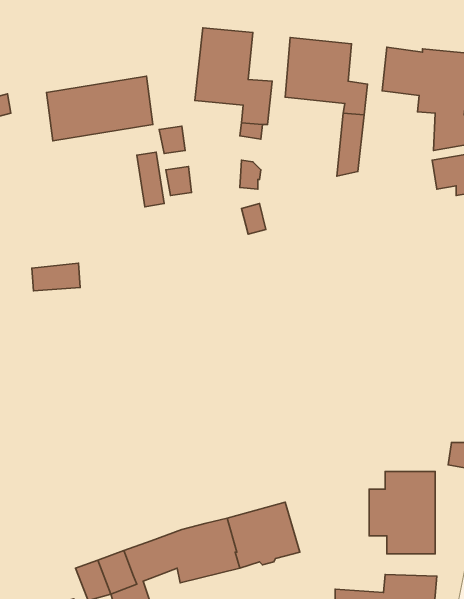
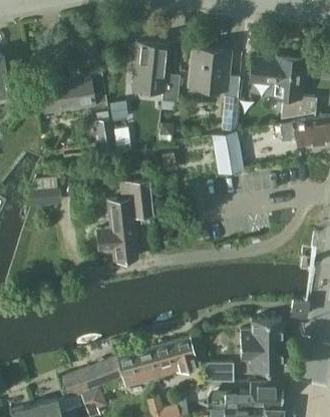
building: none -> [212,132,243,173]
building: none -> [98,180,152,260]
building: none -> [203,363,234,381]

